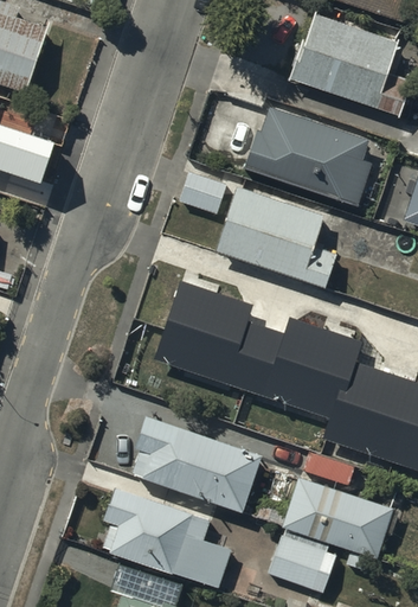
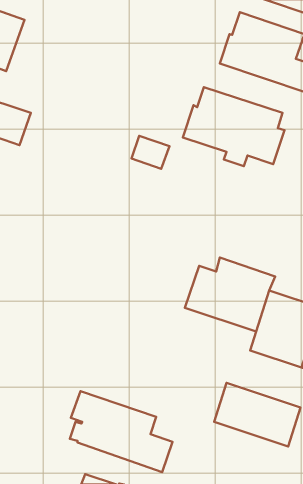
building: [221,189,335,283] -> none
building: [159,286,265,384] -> none
building: [133,417,264,515] -> none
building: [270,535,336,592] -> none

